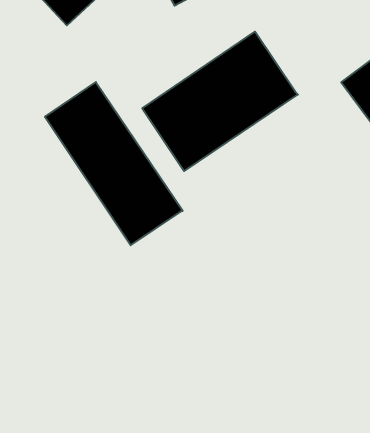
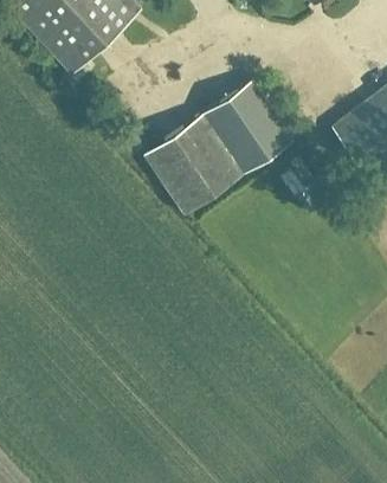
building: [45,82,183,245] -> none

